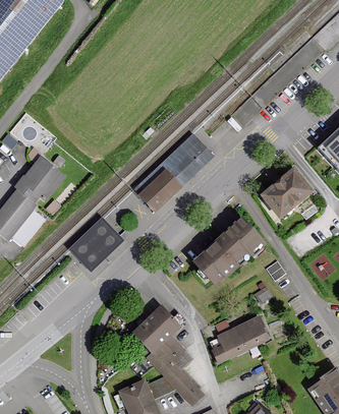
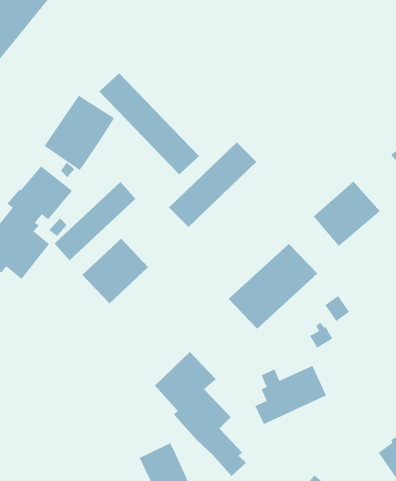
building: none -> [98,72,200,175]
building: none -> [44,95,115,171]
building: none -> [54,181,136,261]
building: [147,375,177,399] -> none

